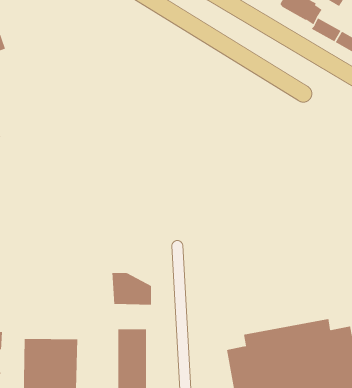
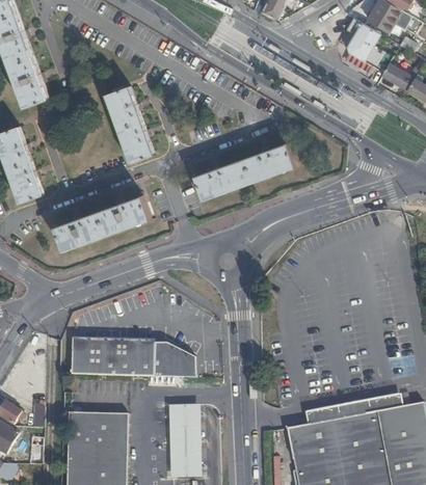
building: none -> [105,86,155,164]
building: none -> [193,143,294,200]
building: none -> [53,194,150,249]
building: none -> [78,339,165,377]

